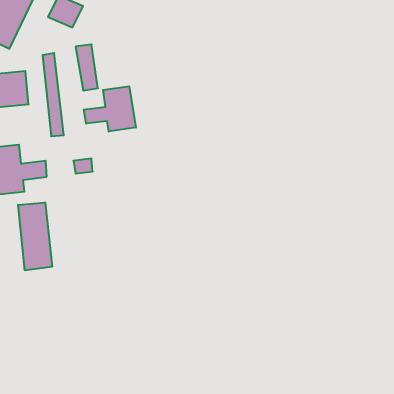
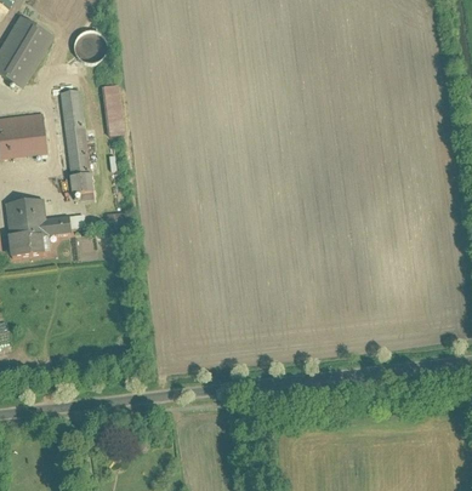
building: [84,86,136,132] -> none
building: [18,202,52,270] -> none

